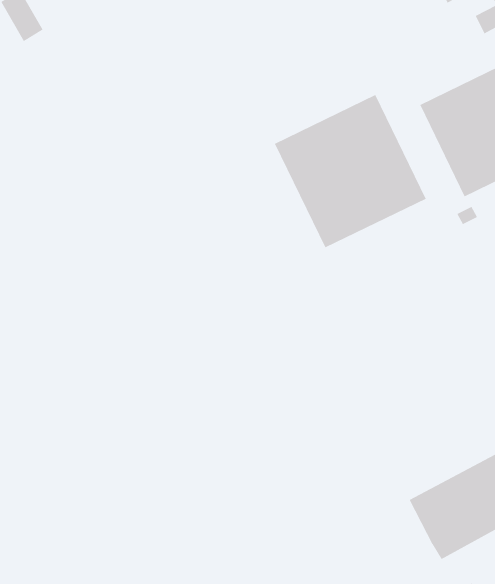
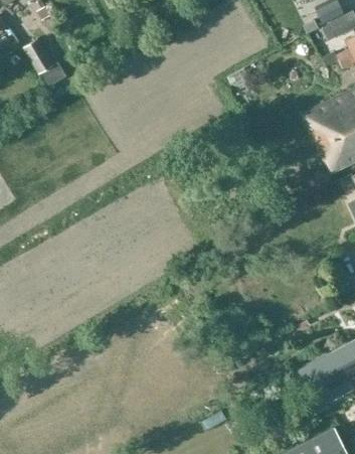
building: [274,94,427,248] -> none

